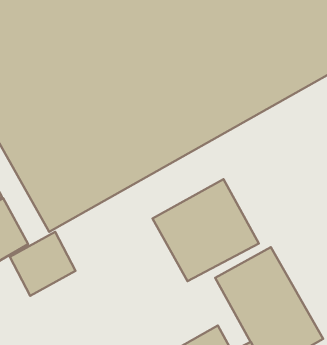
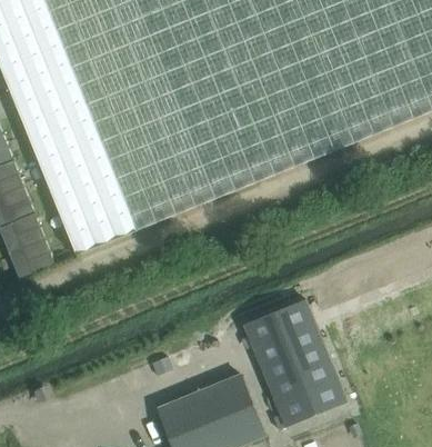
building: [153,179,259,281] -> none
building: [10,232,76,296] -> none

